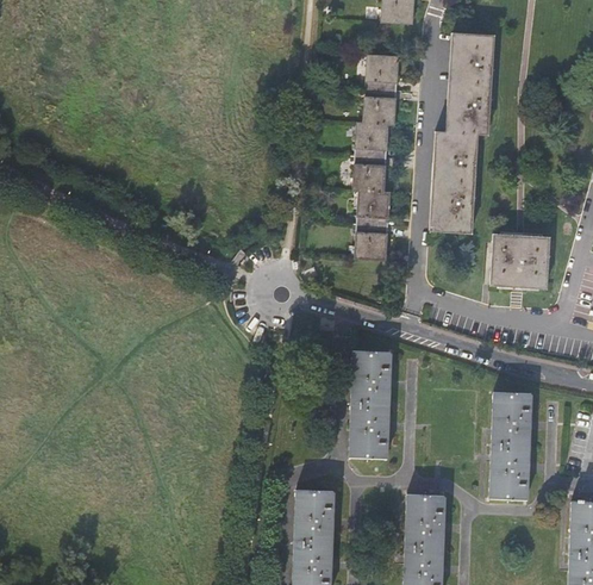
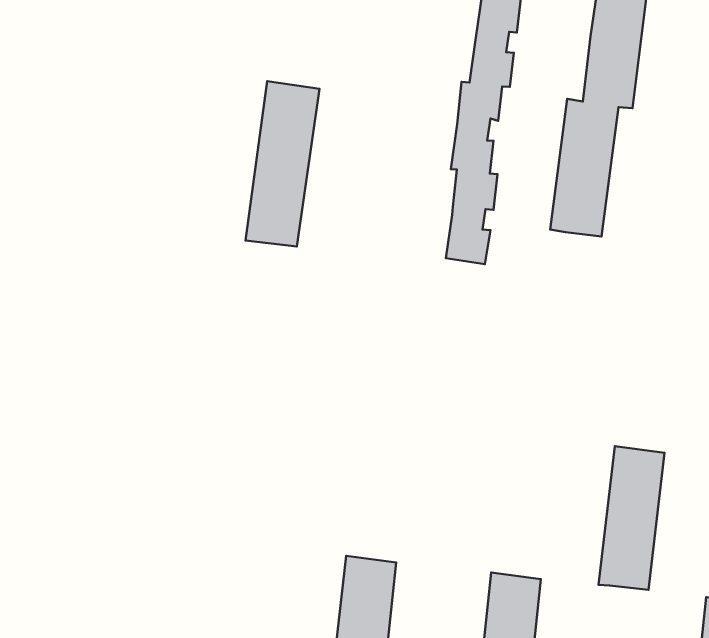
building: none -> [246,81,319,246]
building: [491,232,549,287] -> none
building: [349,350,391,458] -> none

